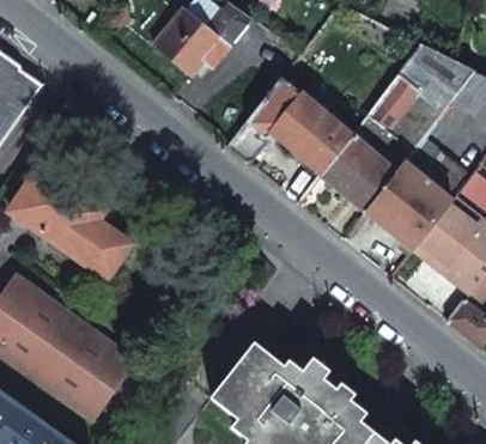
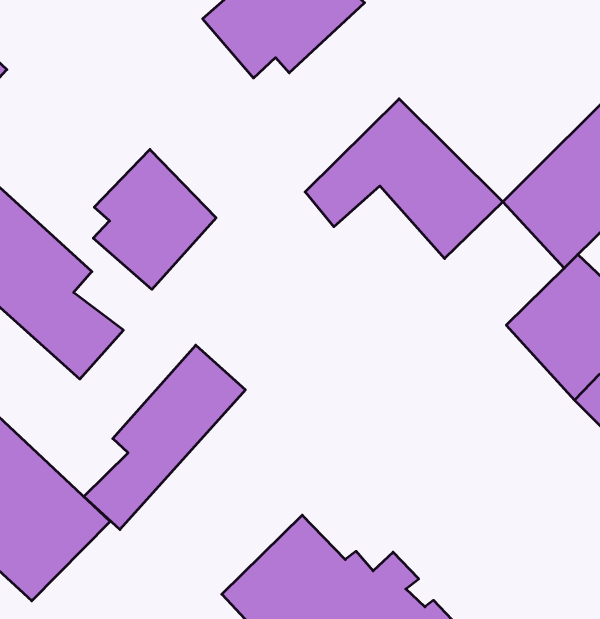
building: none -> [93,149,216,289]
building: [320,134,394,209] -> none
building: none -> [84,345,245,530]

